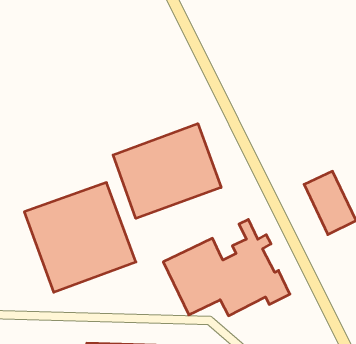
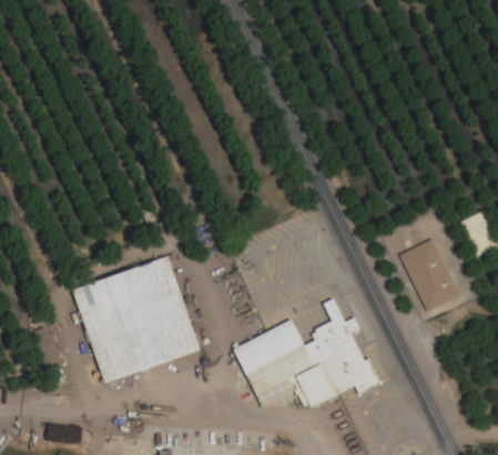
building: [113,124,221,218] -> none

